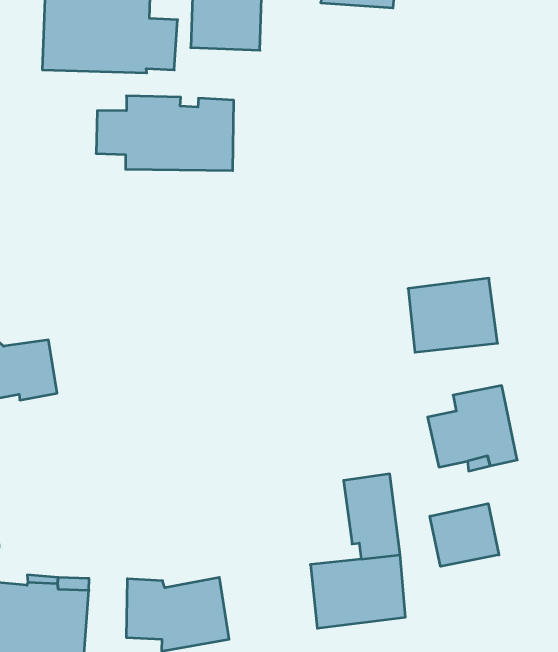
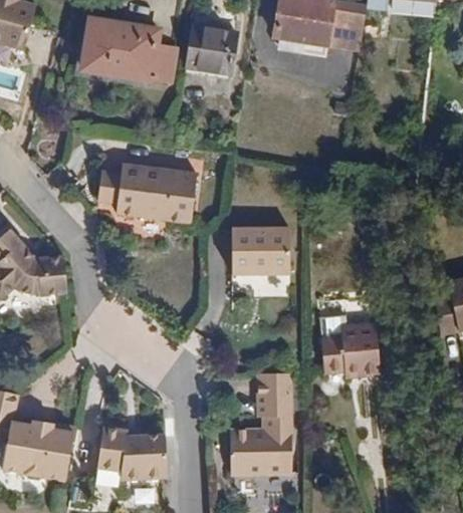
building: [96,96,234,171] -> [97,163,196,222]
building: [408,278,498,352] -> [231,228,288,273]
building: [430,504,499,566] -> none

